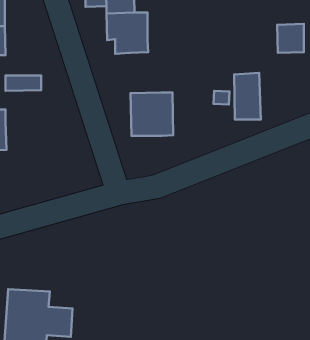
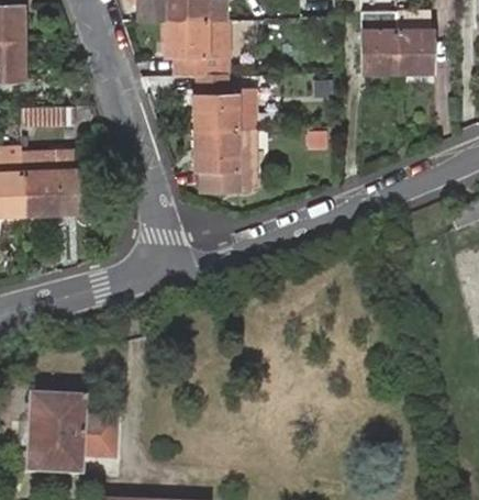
building: none -> [196,76,238,132]
building: [234,73,261,120] -> [361,13,398,77]
building: none -> [26,146,87,209]

